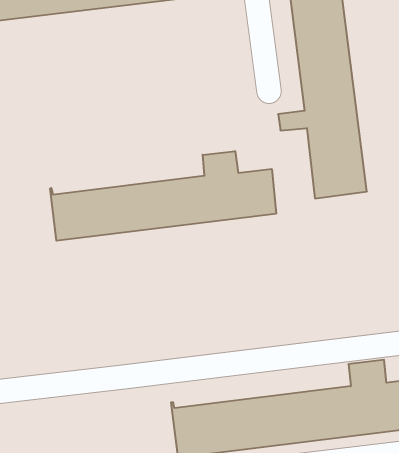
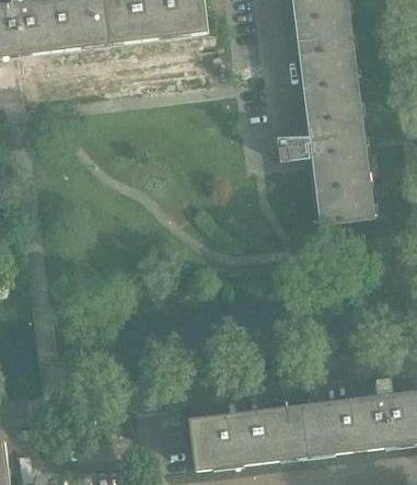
building: [50,151,276,241] -> none

